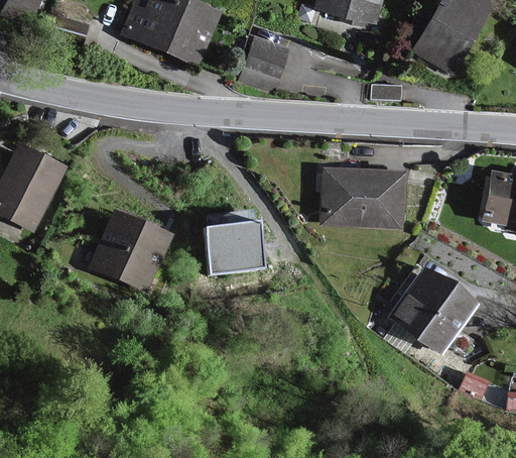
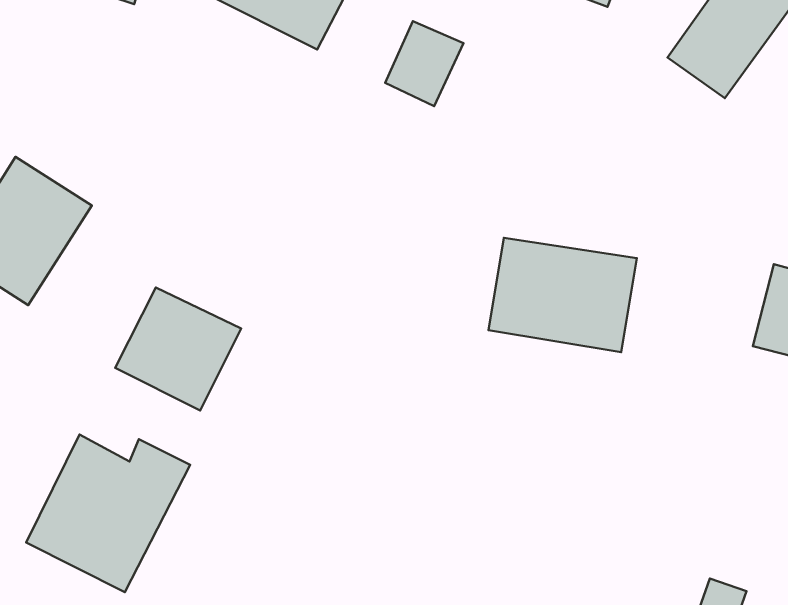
building: [208,220,266,270] -> none
building: [391,271,470,349] -> none
building: none -> [26,435,190,592]

